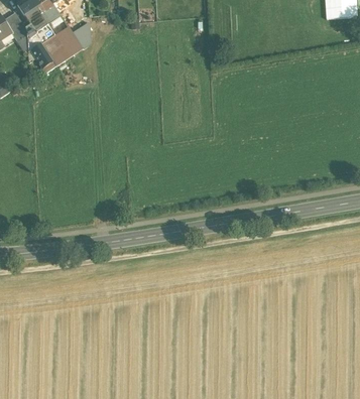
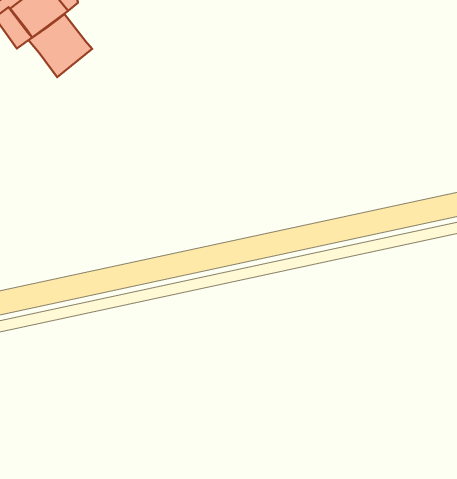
building: none -> [28,14,92,77]

